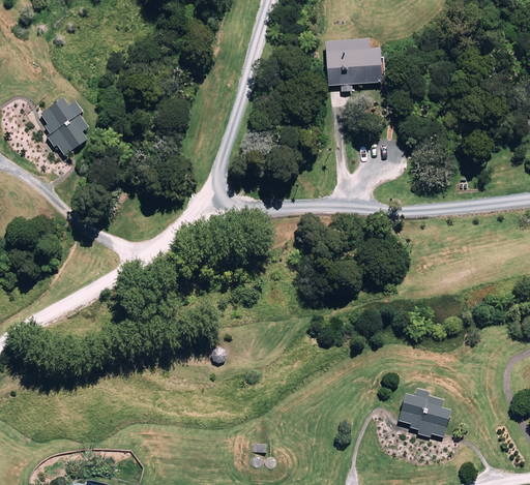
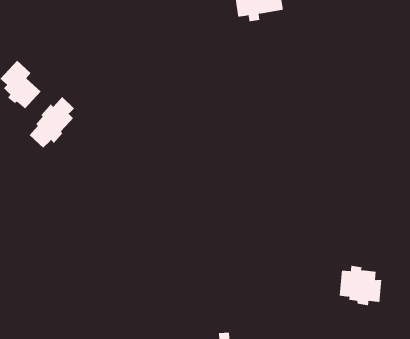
building: none -> [29,96,75,149]

